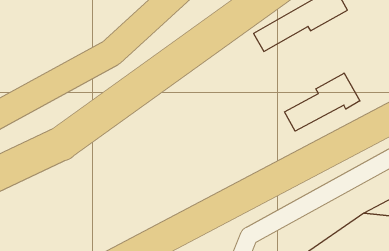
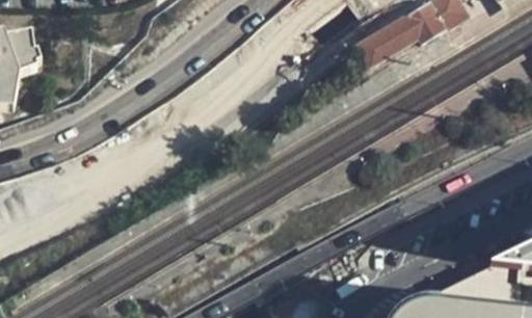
building: [285,73,360,131] -> none

